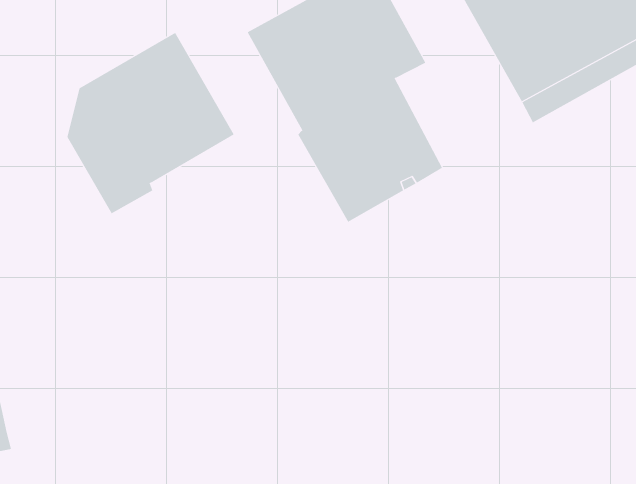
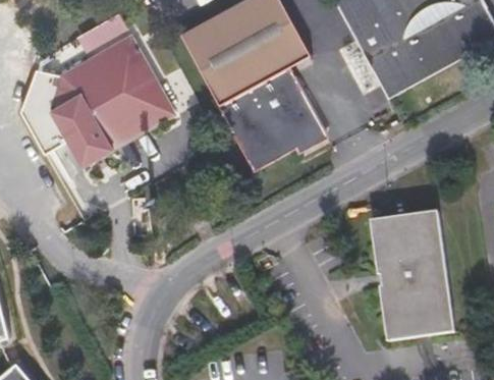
building: none -> [371,212,453,341]

